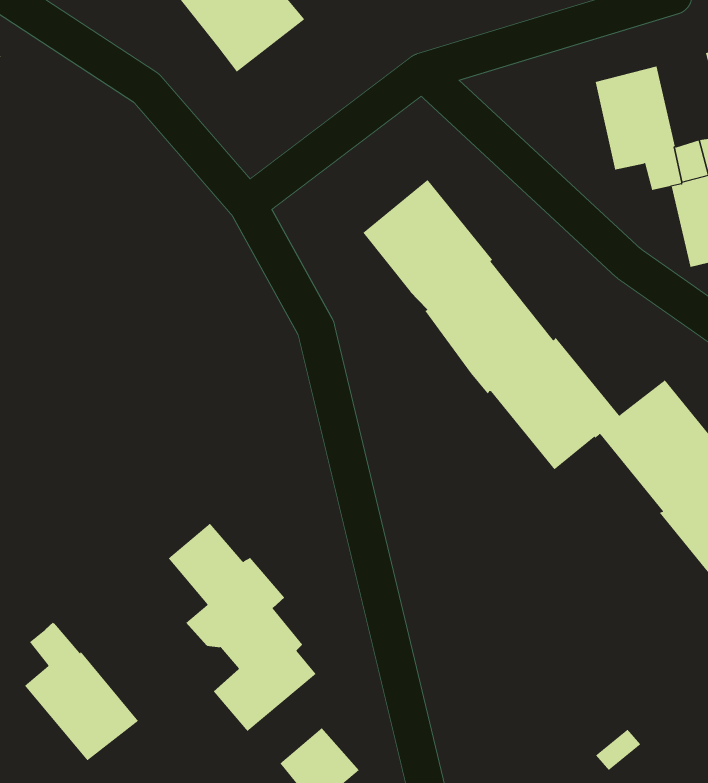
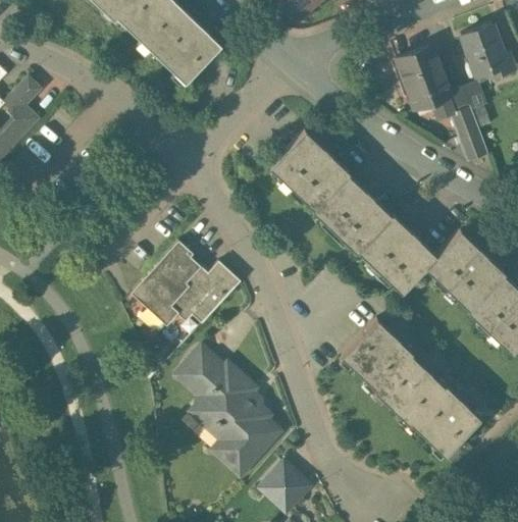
building: none -> [131,242,240,326]
building: none -> [342,320,481,456]
building: [24,622,139,761] -> none

